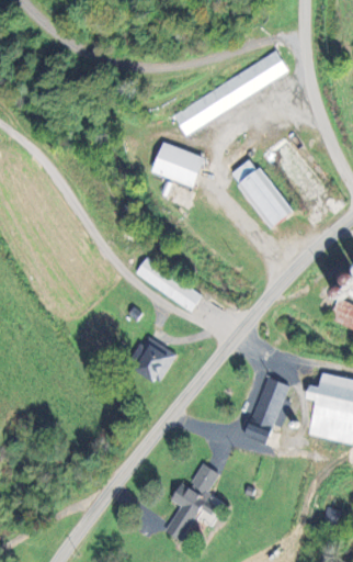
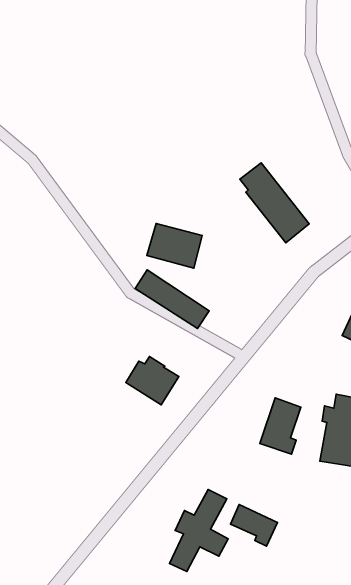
building: [172,49,289,134] -> none
building: [153,144,205,186] -> [147,224,202,268]
building: none -> [231,504,278,546]

